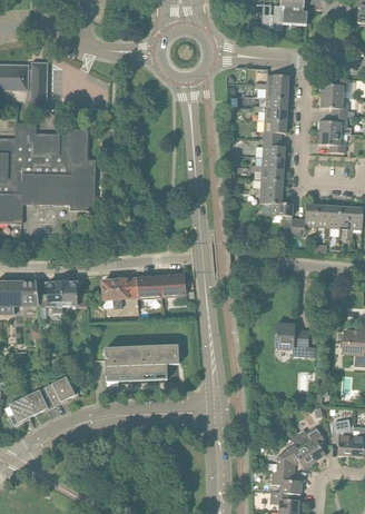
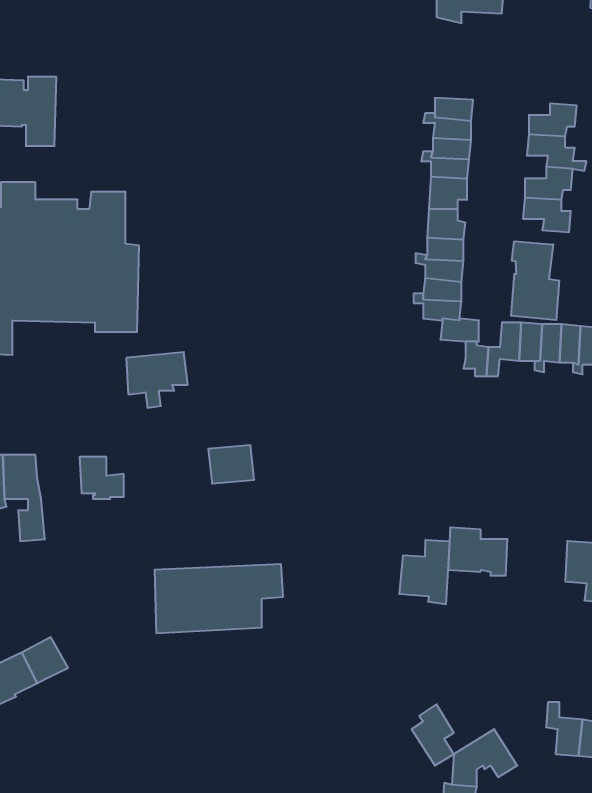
building: none -> [511,241,559,320]
building: [160,273,186,295] -> none
building: [102,277,138,309] -> [126,352,188,408]
building: [37,281,62,312] -> none
building: none -> [399,540,449,604]
building: [45,376,78,404] -> none
building: [302,425,326,461] -> [412,704,454,766]

